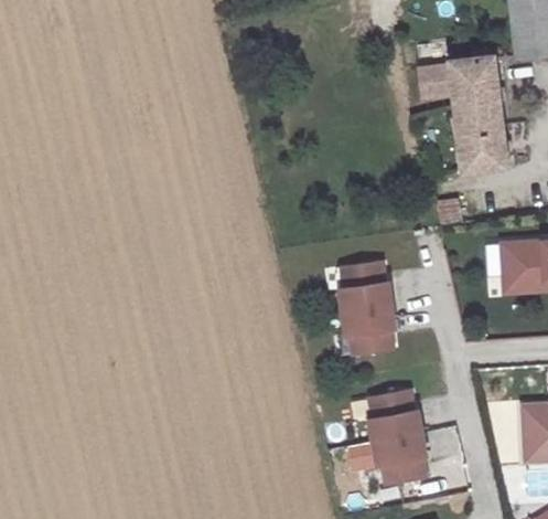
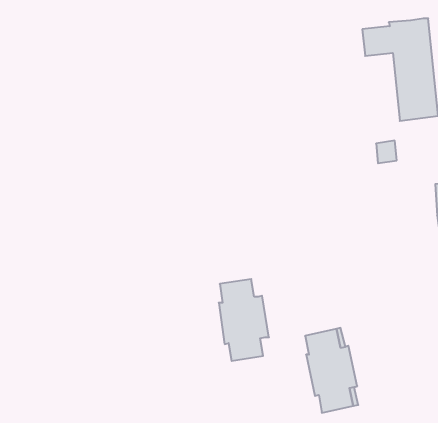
building: [336,271,393,362] -> [219,279,269,361]

